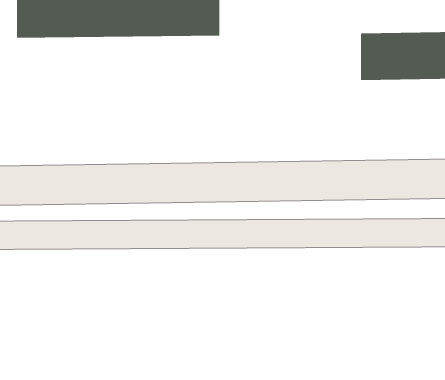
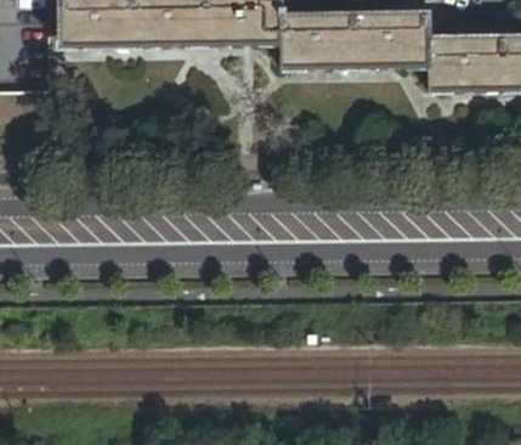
building: none -> [276,12,425,64]

